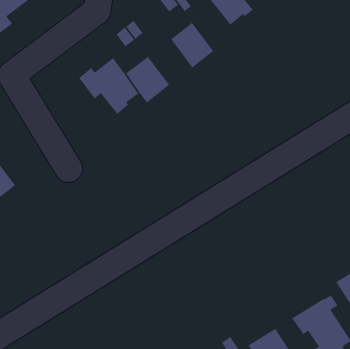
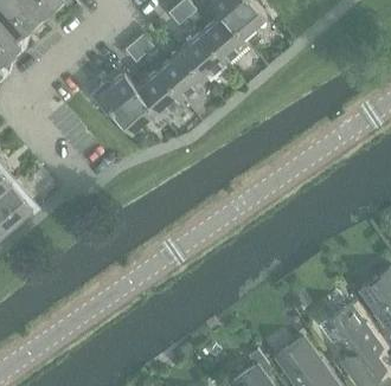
building: none -> [201,15,248,62]
building: none -> [159,52,204,98]

